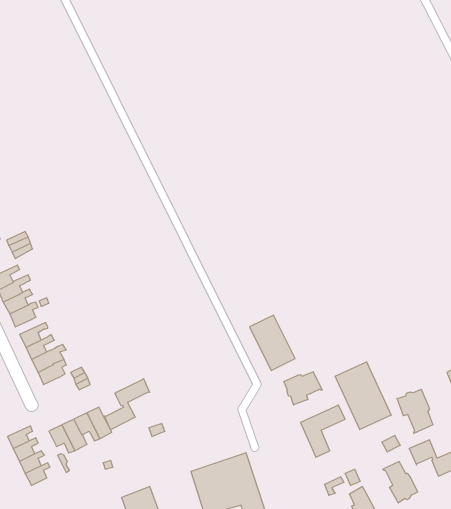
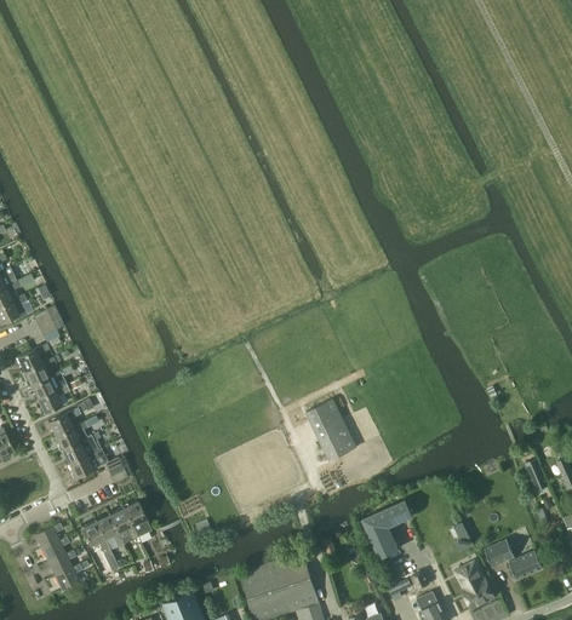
building: [335,362,391,430] -> none
building: [284,372,322,405] -> none
building: [104,379,150,430] -> none
building: [397,389,433,433] -> none

